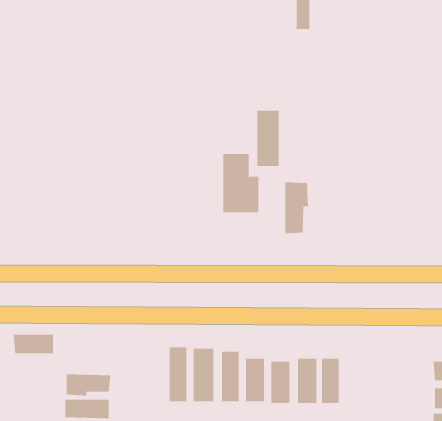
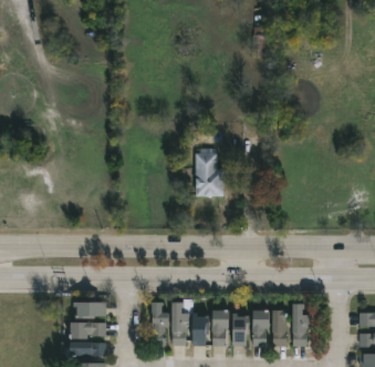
building: [257,110,279,167] -> none
building: [285,182,308,234] -> none
building: [13,334,54,354] -> [75,303,107,318]
building: none -> [293,305,310,346]

